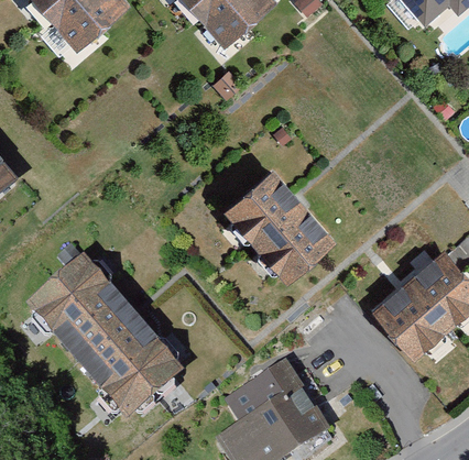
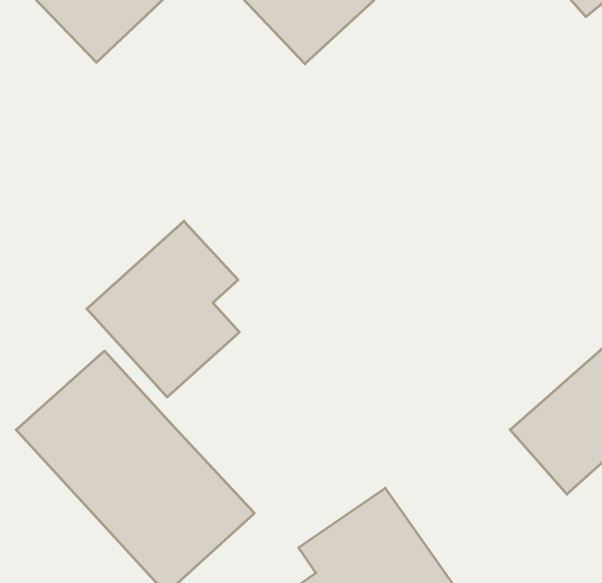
building: none -> [87,221,239,397]
building: [221,167,338,288] -> none

